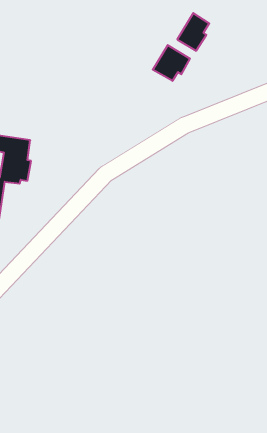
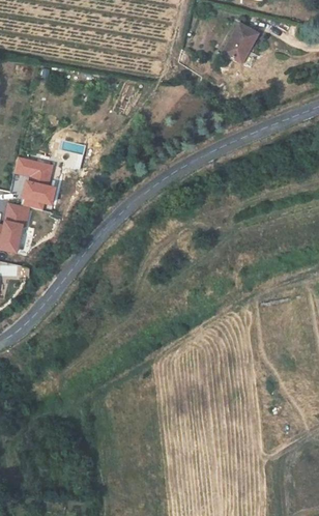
building: [153,45,190,81] -> none

